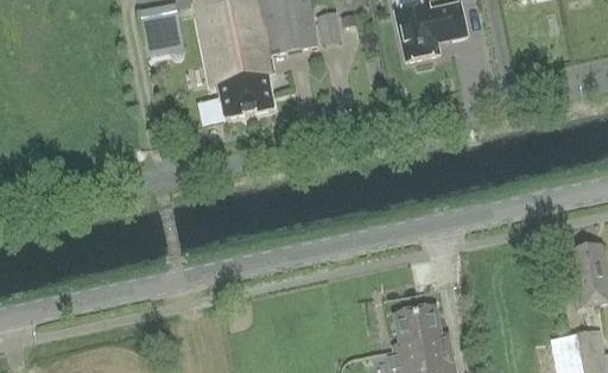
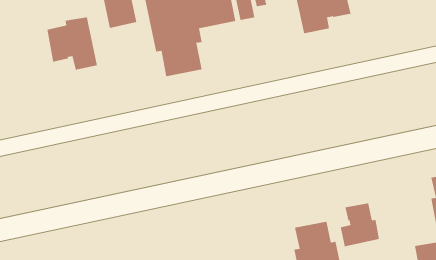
building: none -> [47,16,97,71]
building: none -> [340,202,379,247]

